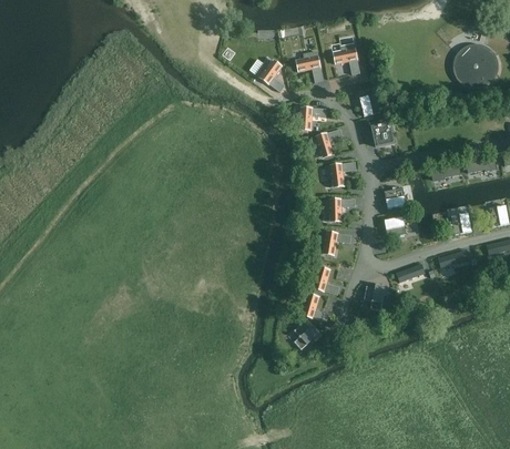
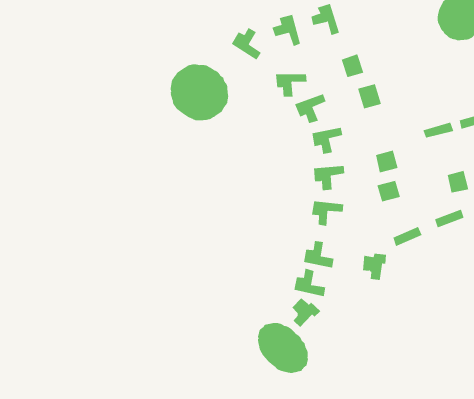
building: none -> [170,64,229,121]
building: none -> [257,322,308,374]

